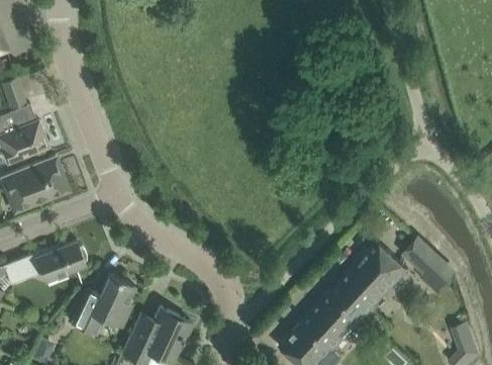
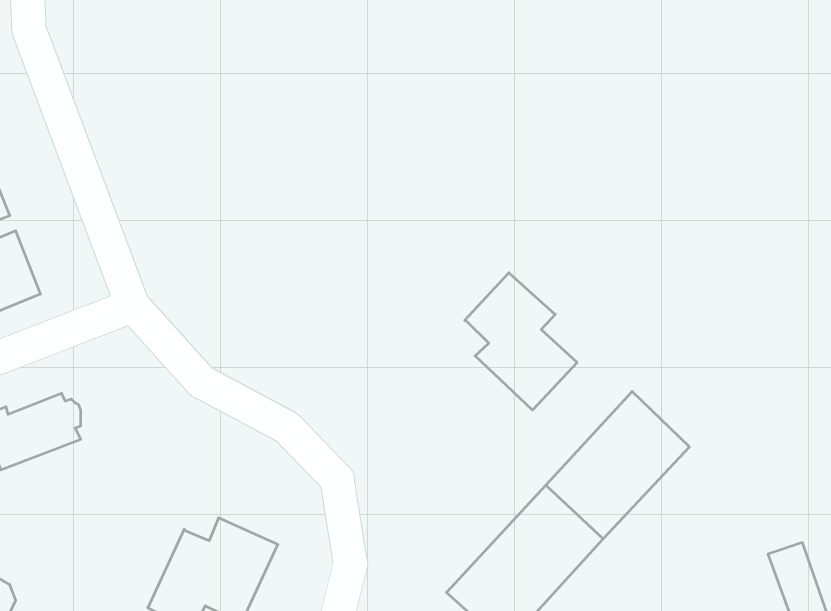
building: none -> [465,273,577,410]
building: [401,239,451,293] -> none
building: [71,274,134,335] -> none

